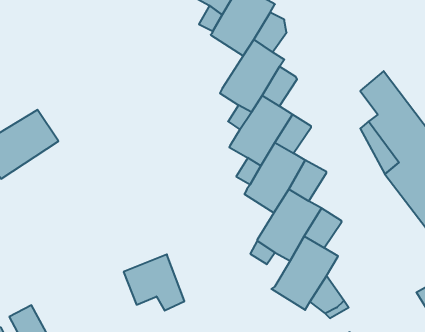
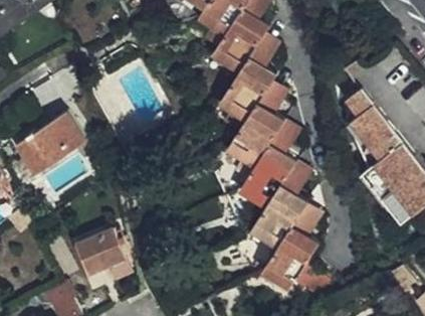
building: [124,254,184,311] -> [73,232,126,281]

